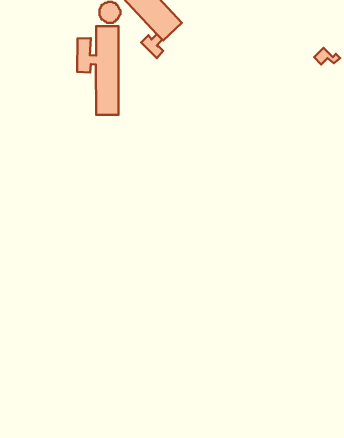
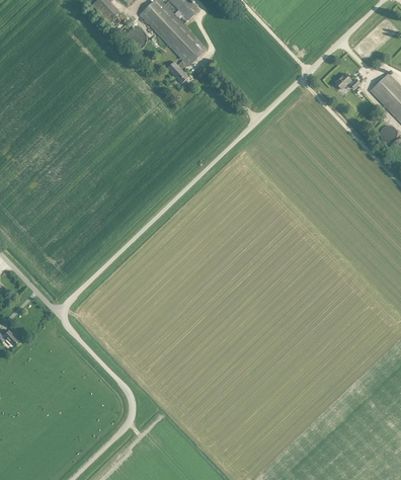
building: [77,26,119,115] -> none

